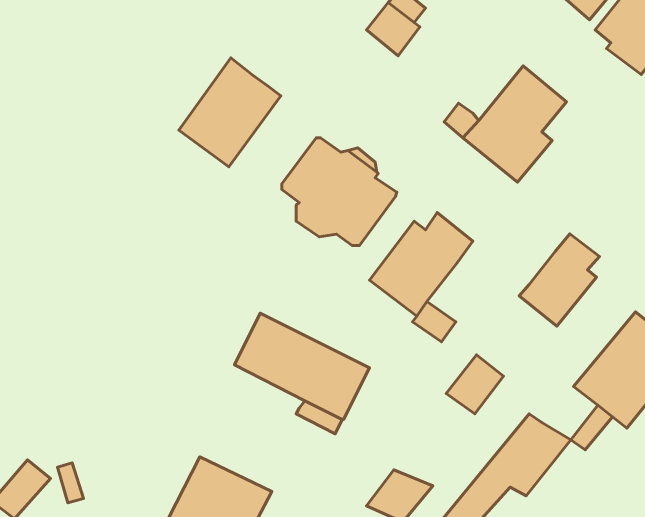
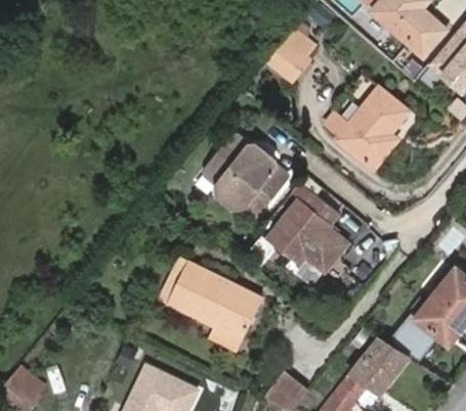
building: [179,58,281,167] -> none
building: [519,234,599,326] -> none
building: [446,355,504,414] -> [307,228,348,270]
building: none -> [389,314,429,354]

